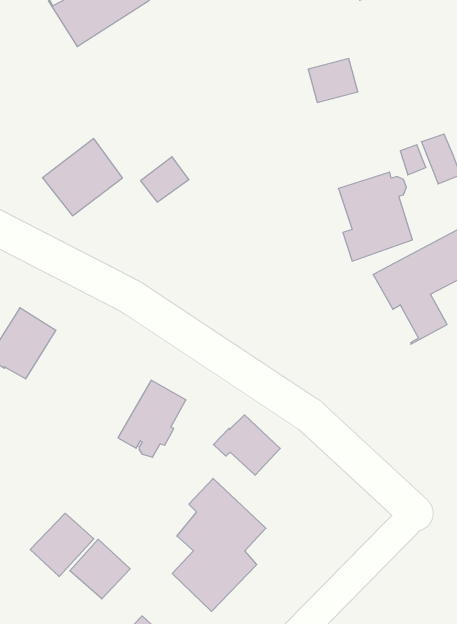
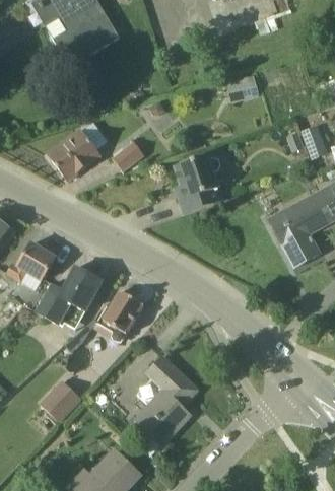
building: [338,172,412,261] -> [176,154,225,214]
building: none -> [37,266,103,329]
building: [213,415,280,475] -> none
building: [70,539,130,599] -> none

